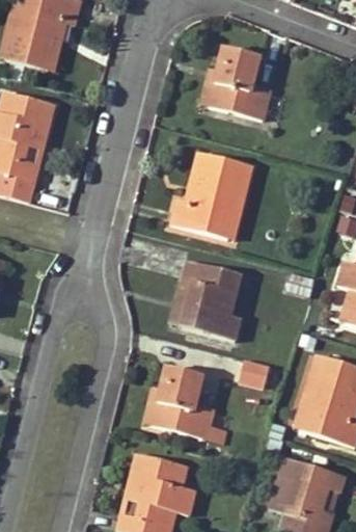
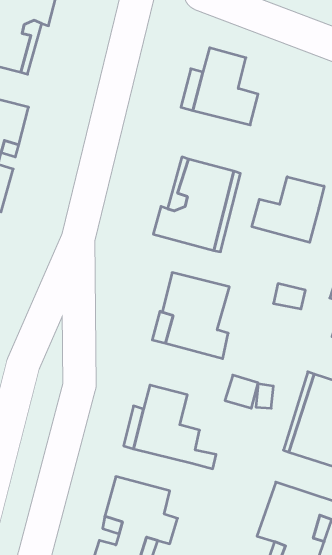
building: none -> [252,177,324,242]

